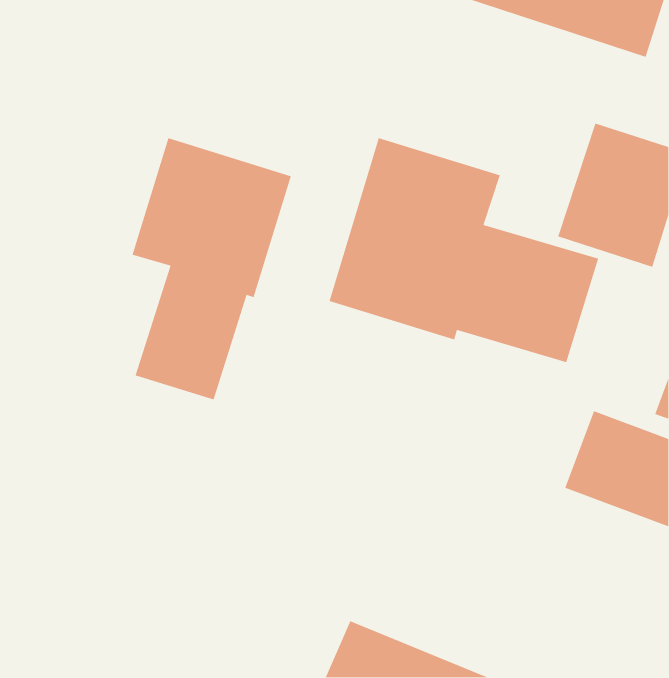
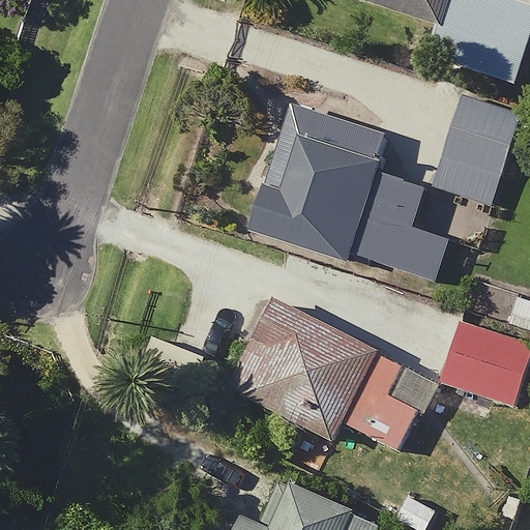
building: [131,137,292,400] -> none
building: none -> [234,304,432,447]

